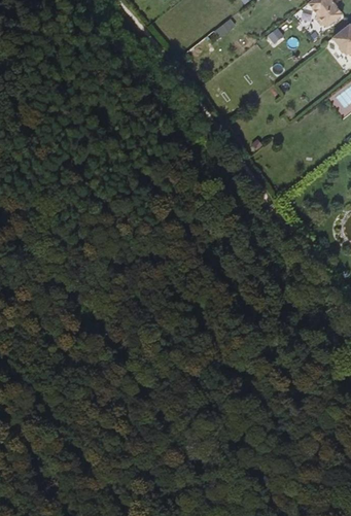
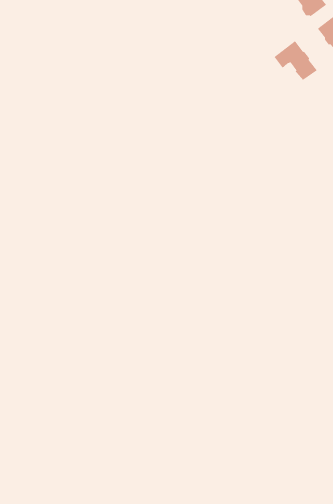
building: none -> [273,40,318,81]

